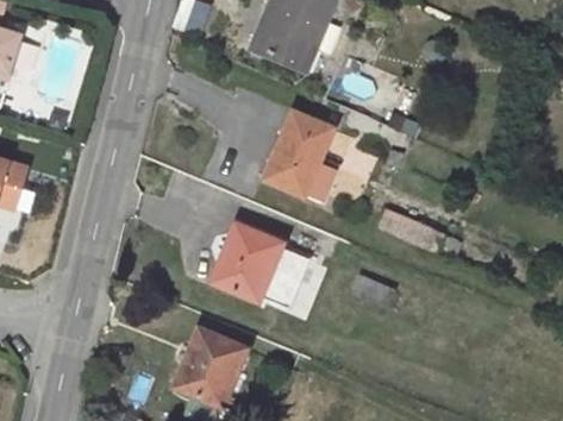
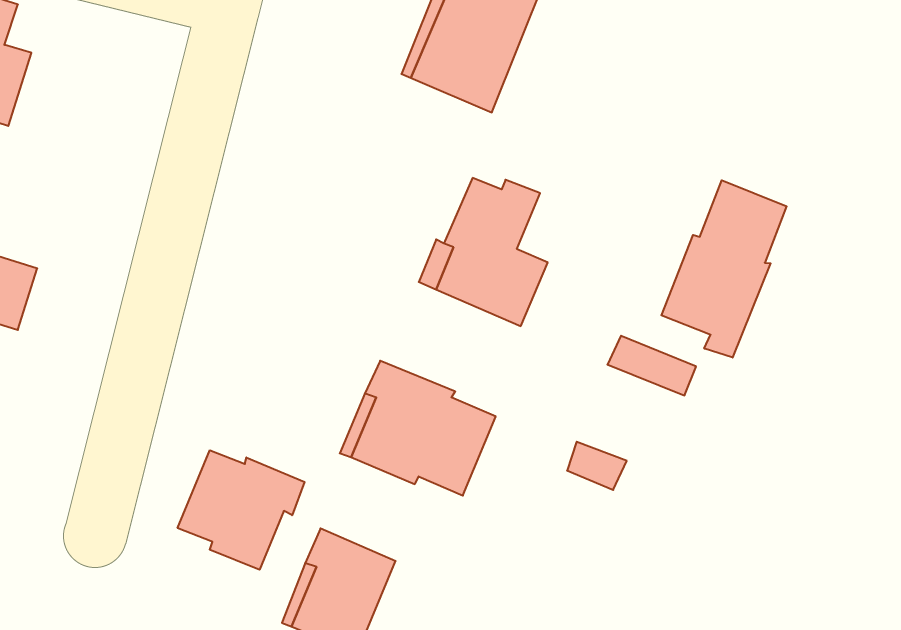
building: none -> [661,180,787,358]
building: none -> [178,450,305,570]

